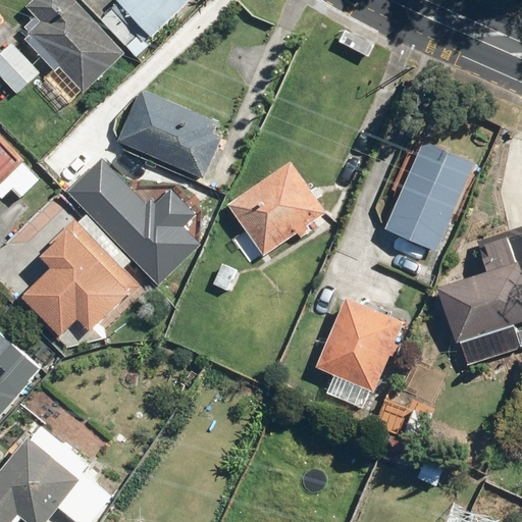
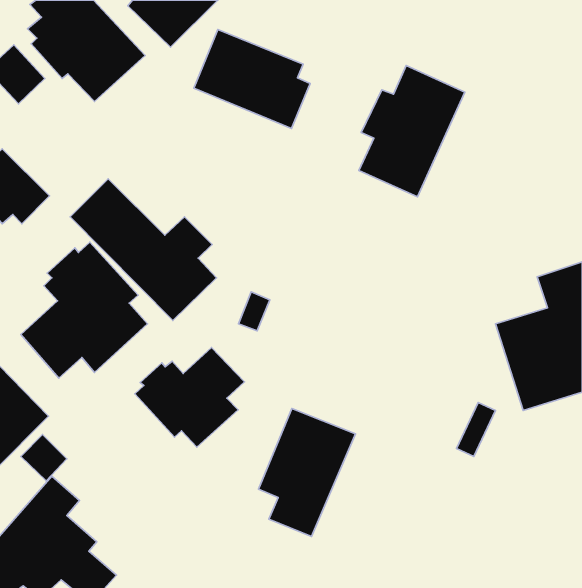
building: [113,92,216,179] -> [194,29,310,129]
building: [386,136,480,252] -> [359,65,465,197]
building: [229,159,329,254] -> none
building: [319,295,405,408] -> [259,409,355,537]
building: none -> [135,347,245,447]

